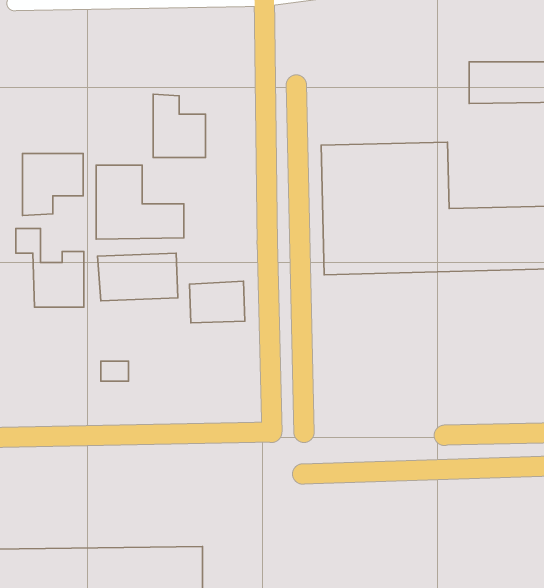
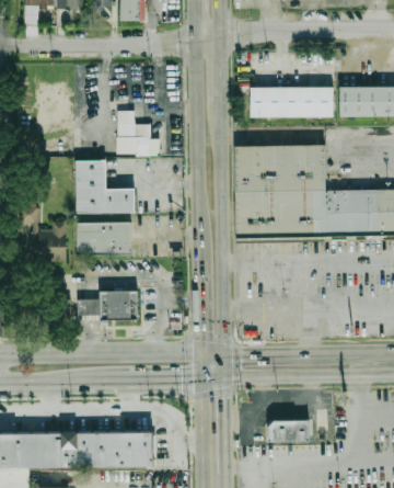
building: none -> [251,87,334,118]
building: [23,153,83,215] -> none
building: [189,281,245,323] -> [102,291,141,320]
building: none -> [270,420,313,443]

